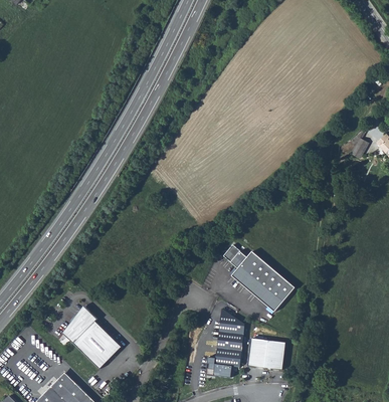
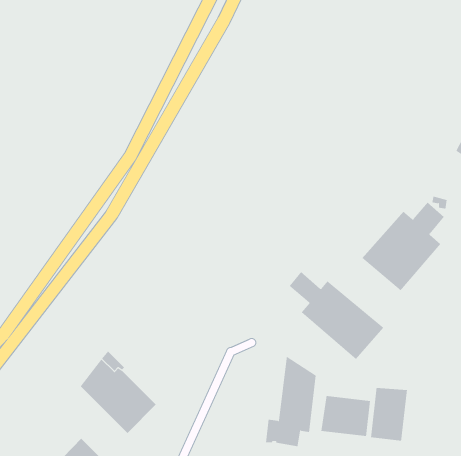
building: none -> [361,202,445,291]
building: none -> [371,387,407,441]

